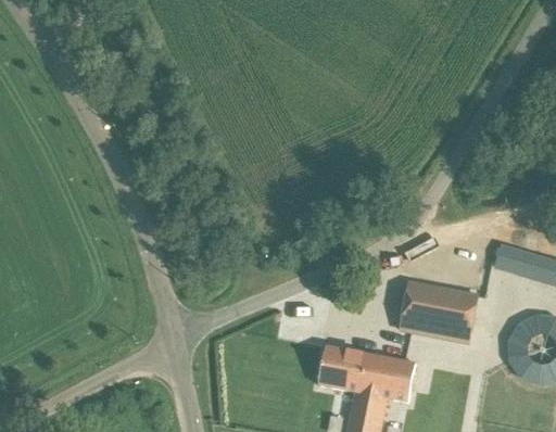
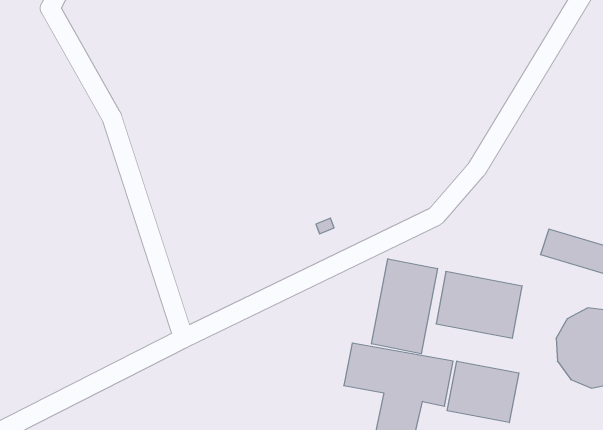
building: none -> [372,259,437,354]
building: none -> [447,361,519,423]

